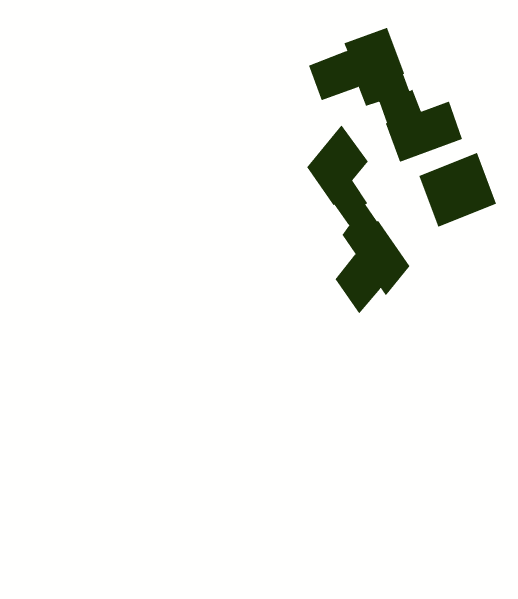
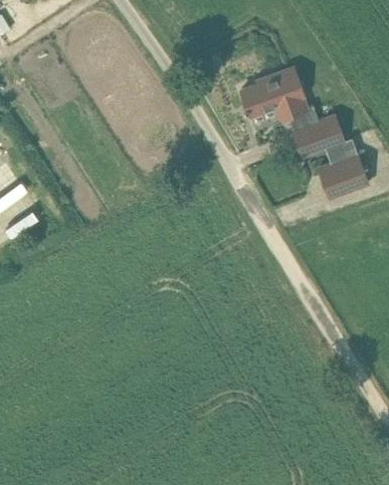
building: [306,125,410,314] -> none

